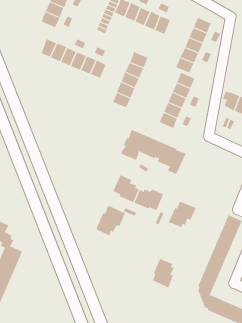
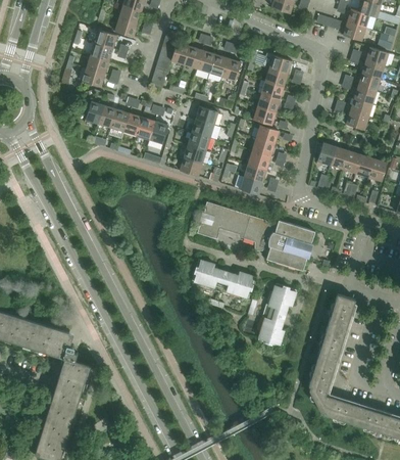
building: none -> [266,220,315,270]
building: [96,205,126,236] -> none
building: [152,258,174,288] -> [258,311,284,347]

